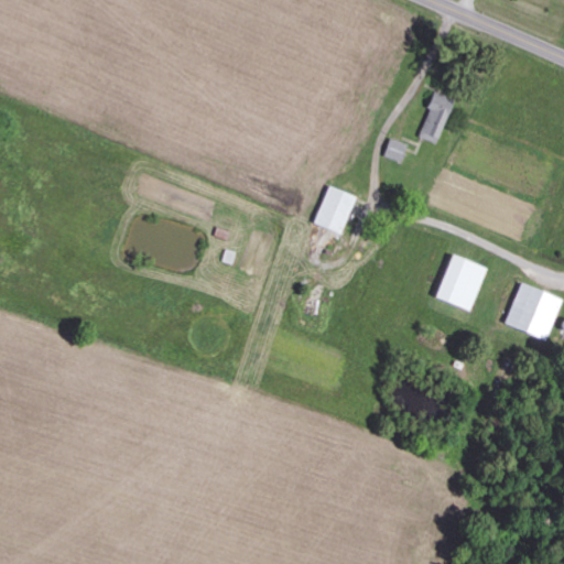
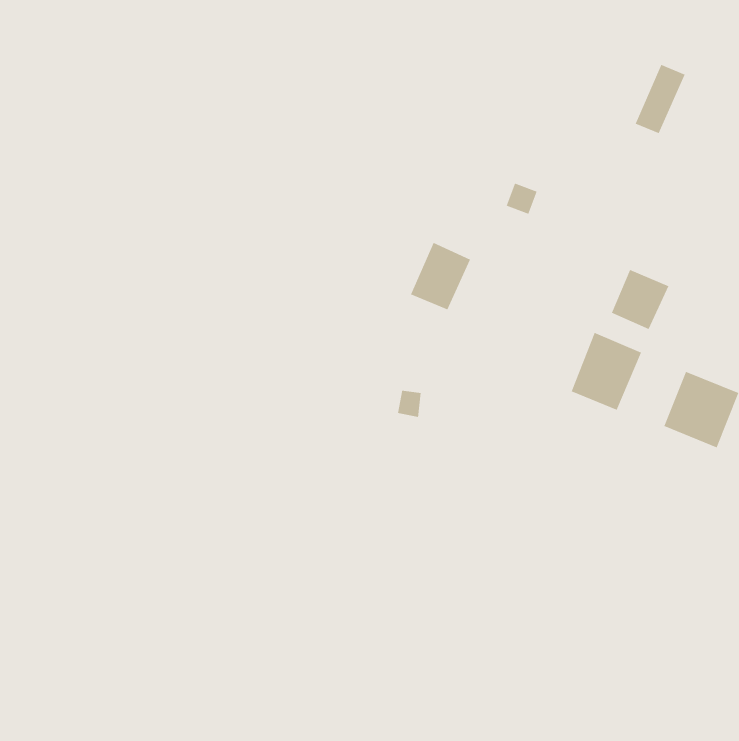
building: [417,91,456,144] -> [635,64,685,134]
building: none -> [611,269,669,330]

